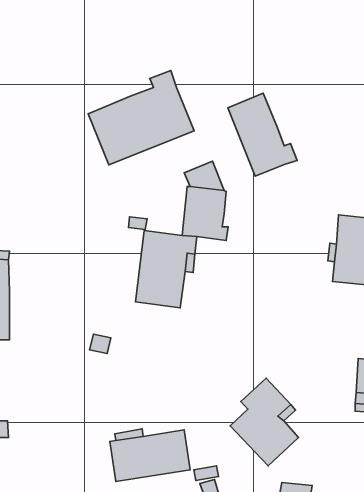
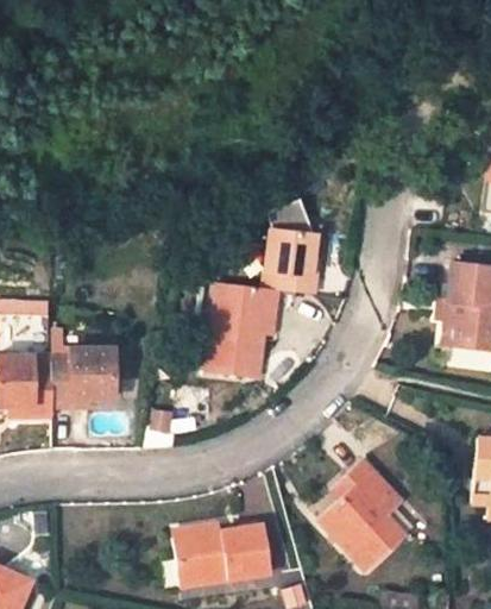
building: [88,70,194,165] -> none
building: [228,93,297,176] -> none
building: none -> [51,350,113,407]

